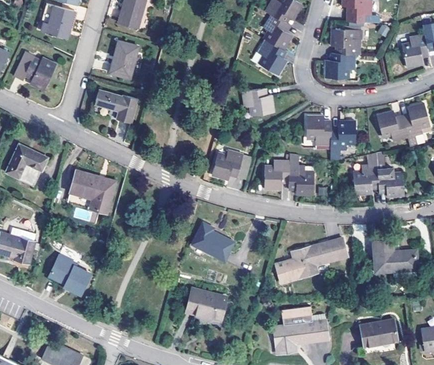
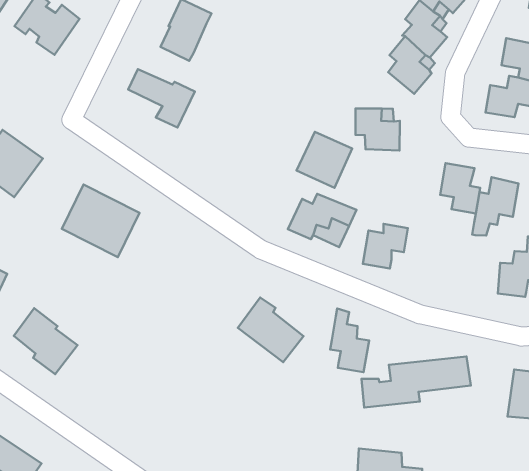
building: none -> [296,132,352,188]
building: [289,157,313,195] -> [330,309,369,372]
building: [185,288,227,321] -> none

